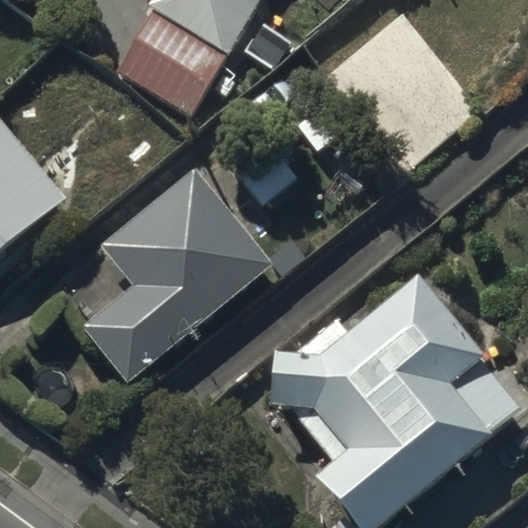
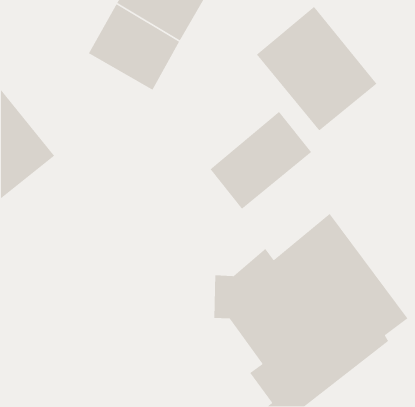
building: none -> [210,111,312,210]
building: [78,171,272,386] -> none

